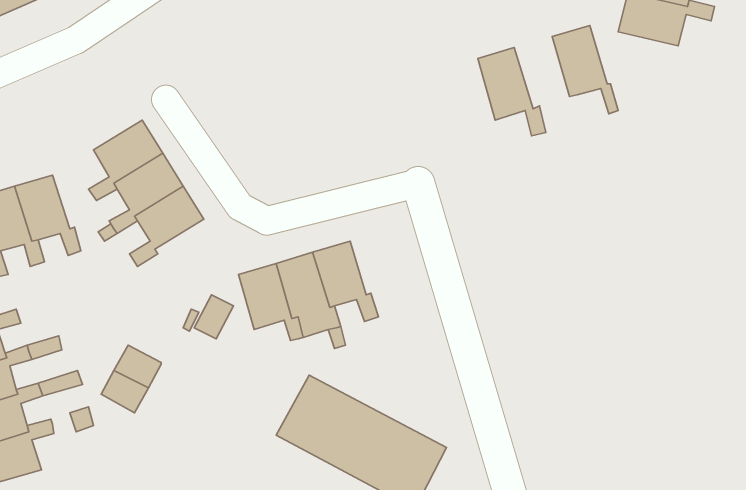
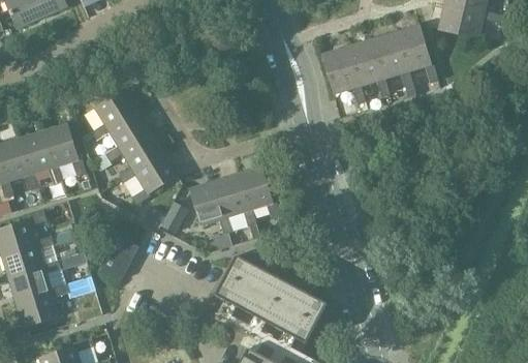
building: none -> [370,32,415,90]
building: none -> [321,47,366,104]
building: none -> [131,152,180,205]

